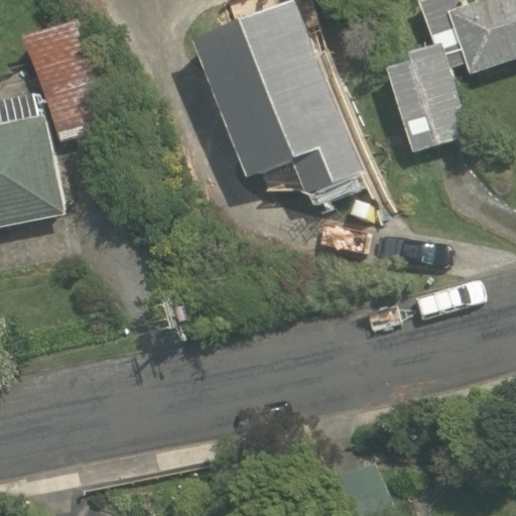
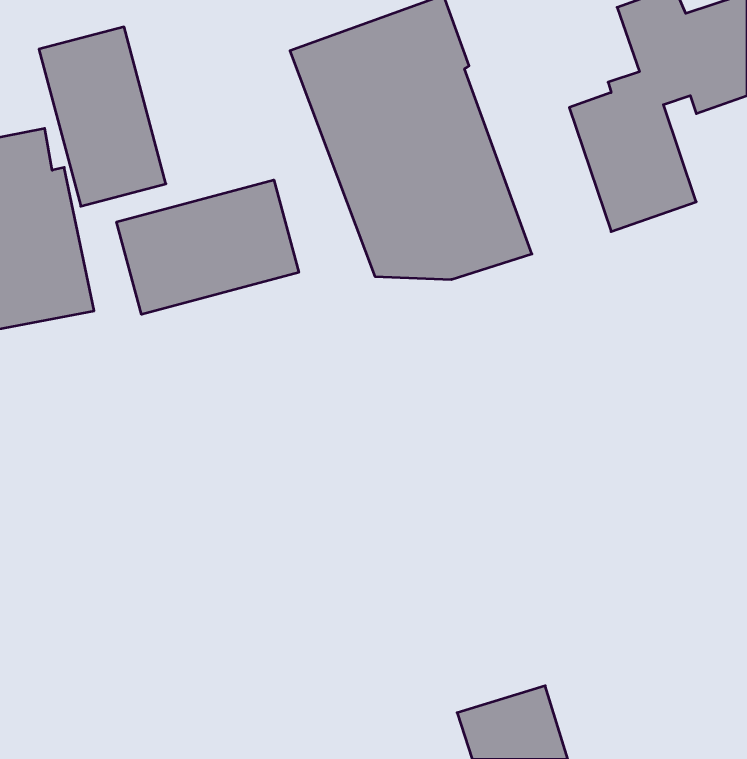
building: none -> [117,180,299,314]

